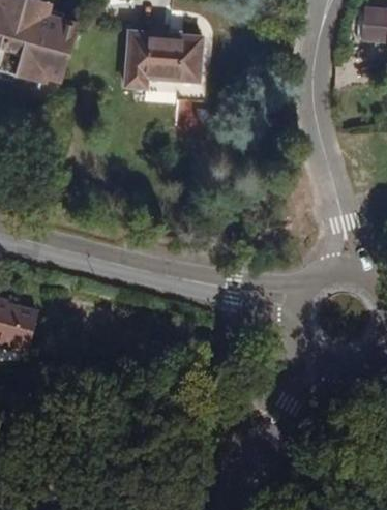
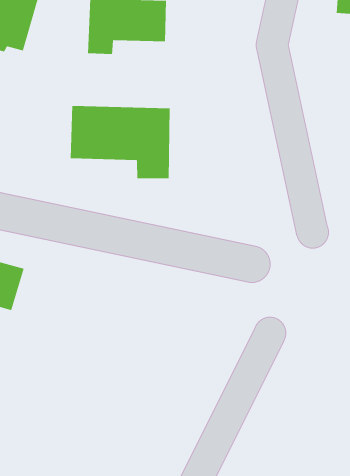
building: none -> [70,105,170,179]

